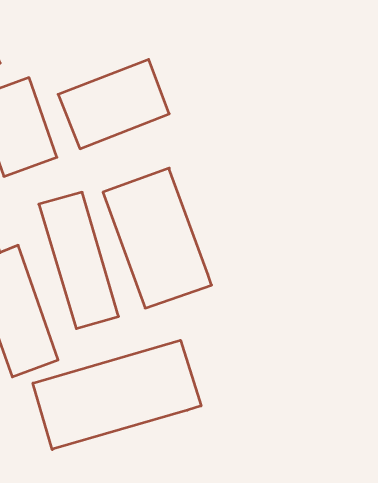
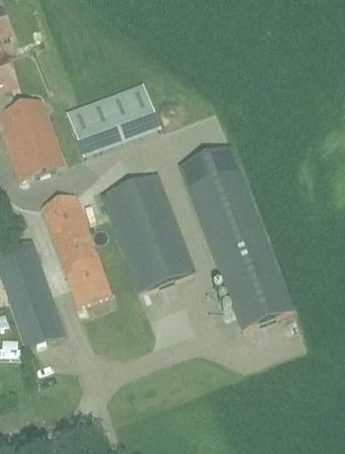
building: none -> [180,145,290,328]
building: [33,340,201,450] -> none

